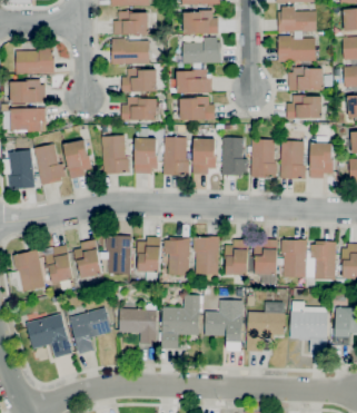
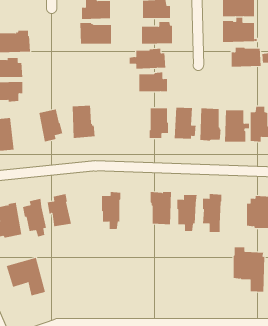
building: [121,69,157,92] -> none
building: [287,96,323,119] -> none
building: [121,97,157,121] -> none
building: [133,138,158,175] -> none
building: [163,138,189,176] -> none
building: [33,145,67,186] -> none
building: [100,236,131,275] -> none
building: [163,237,190,276] -> none
building: [281,240,307,278] -> none
building: [161,295,200,350] -> none
building: [205,301,244,352] -> none
building: [247,302,285,353] -> none
building: [119,303,157,345] -> none
building: [70,308,112,355] -> none

